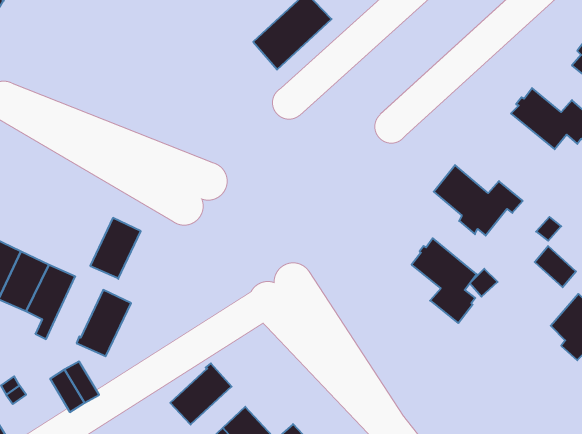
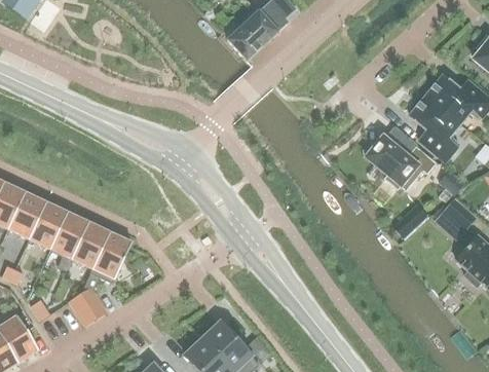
building: [90,218,141,279] -> [70,221,109,268]
building: [412,238,477,323] -> [408,95,458,160]
building: [170,363,232,425] -> none

